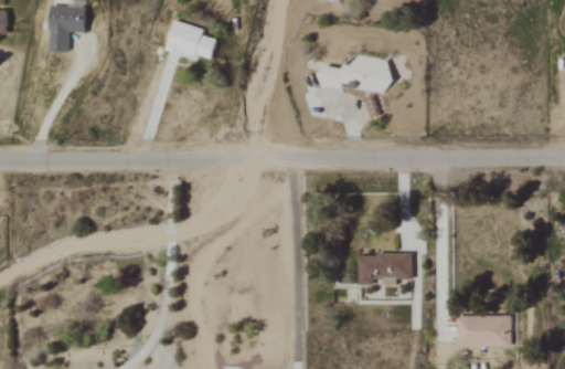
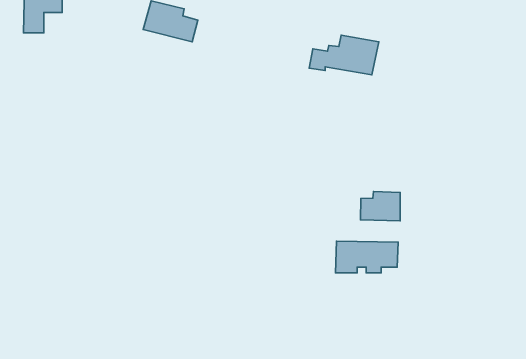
building: none -> [360,191,400,221]
building: [457,315,512,346] -> none

